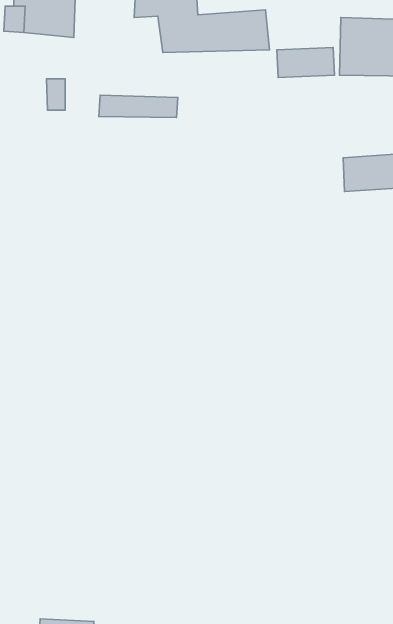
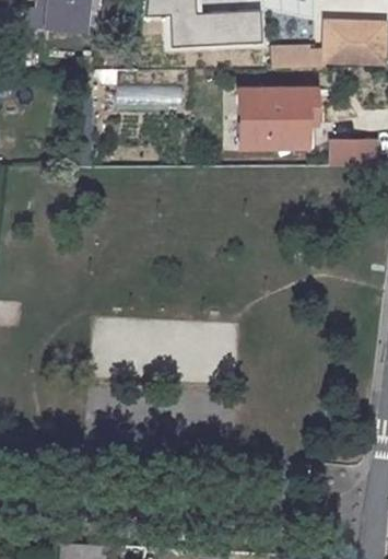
building: none -> [231,88,306,145]

